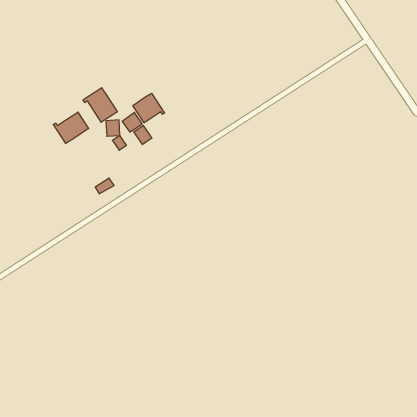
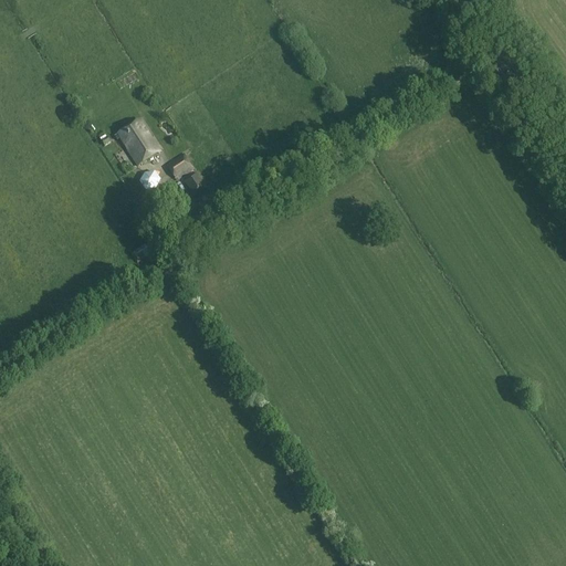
building: [133,93,165,123] -> none
building: [53,112,89,143] -> none

